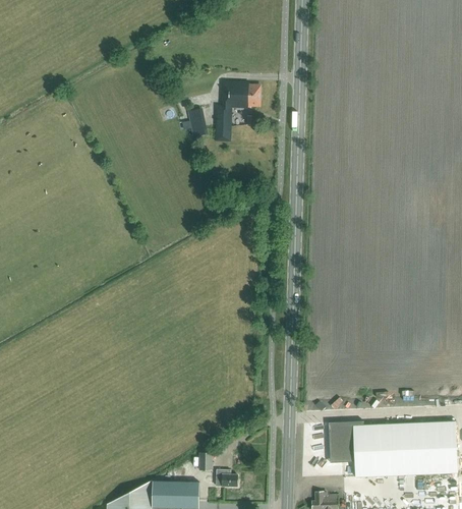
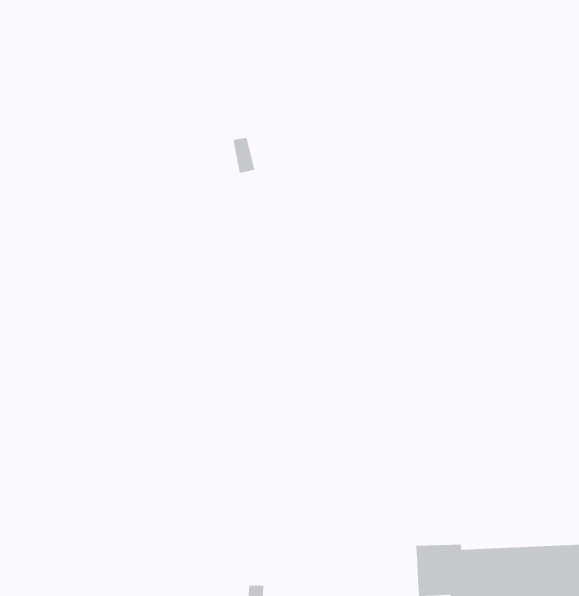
building: [217,82,262,140] -> none

